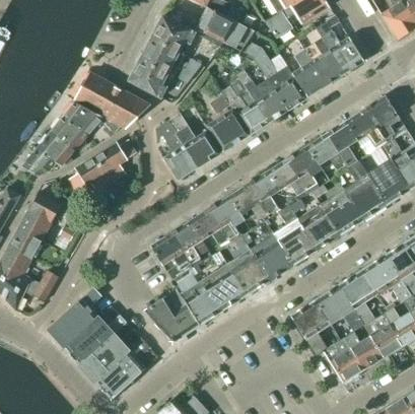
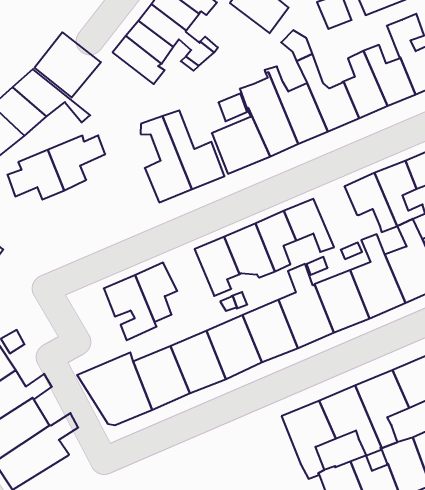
building: [105,88,150,129] -> none
building: [286,146,322,190] -> none
building: [189,208,228,245] -> none

